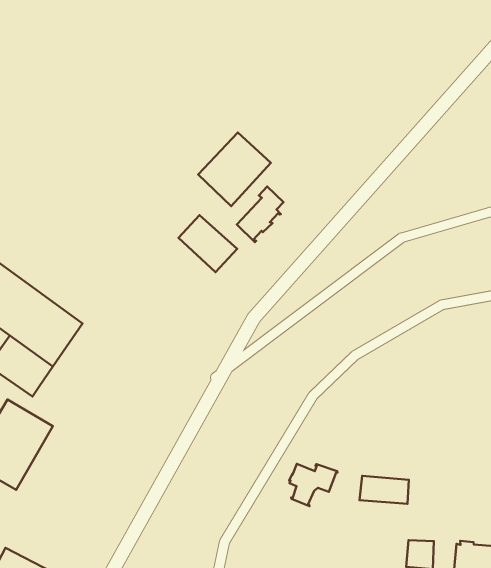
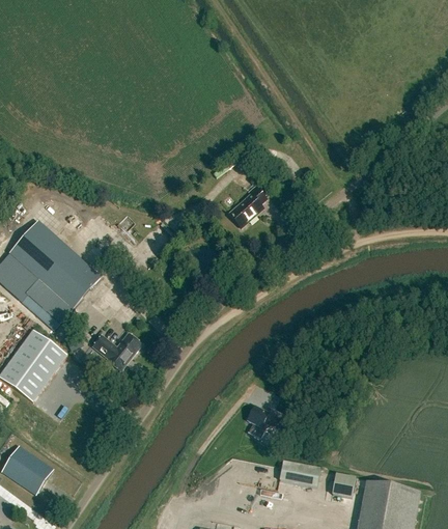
building: [198,133,271,206] -> none
building: [179,215,237,272] -> none
building: none -> [91,333,141,371]
building: [359,476,409,504] -> [279,462,319,488]

